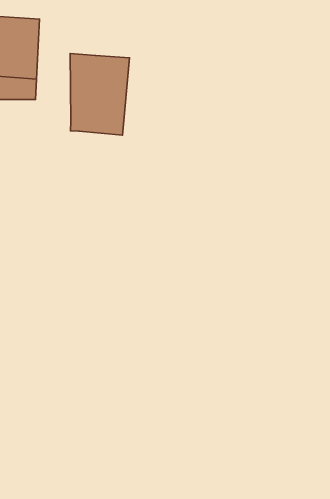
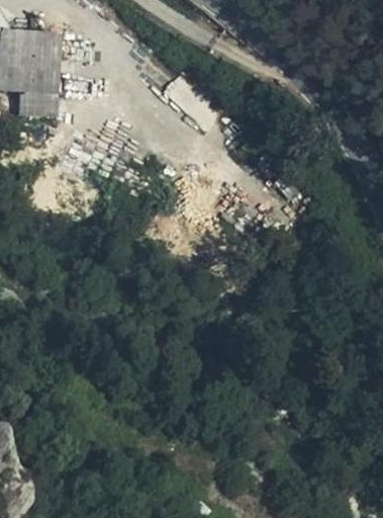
building: [70,53,129,135] -> none

